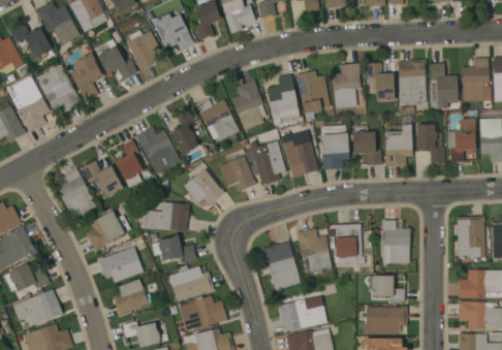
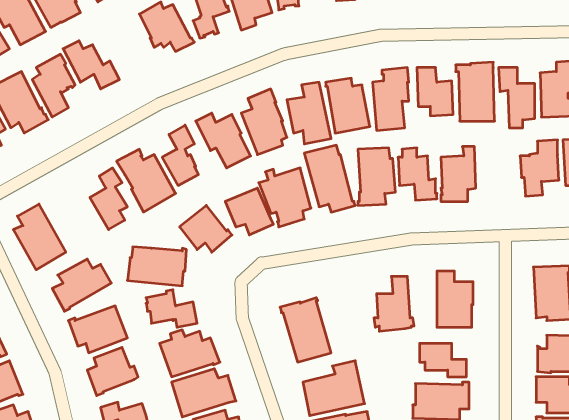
building: [127,30,161,70] -> none
building: [416,124,445,163] -> none
building: [82,161,123,196] -> none
building: [296,228,333,274] -> none

